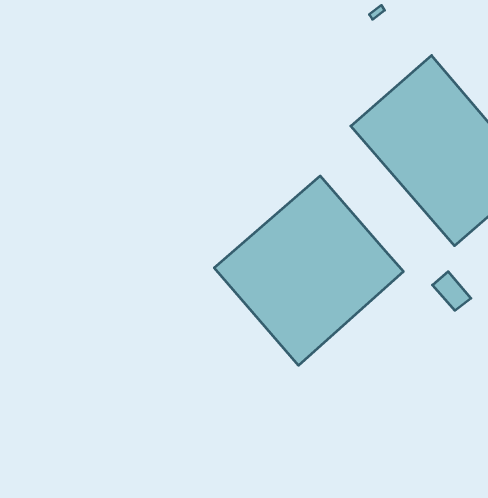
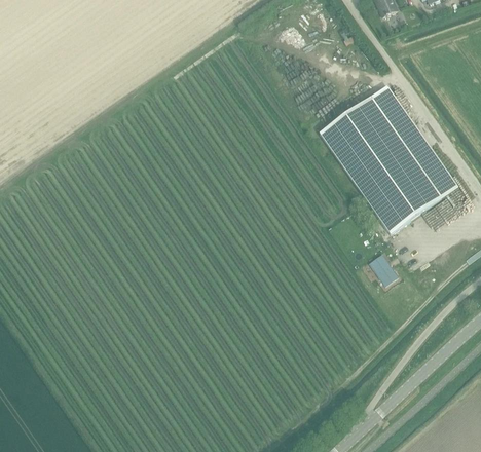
building: [214,176,403,365] -> none

